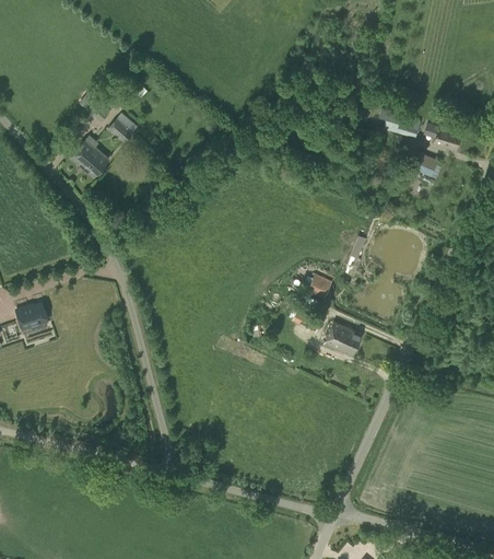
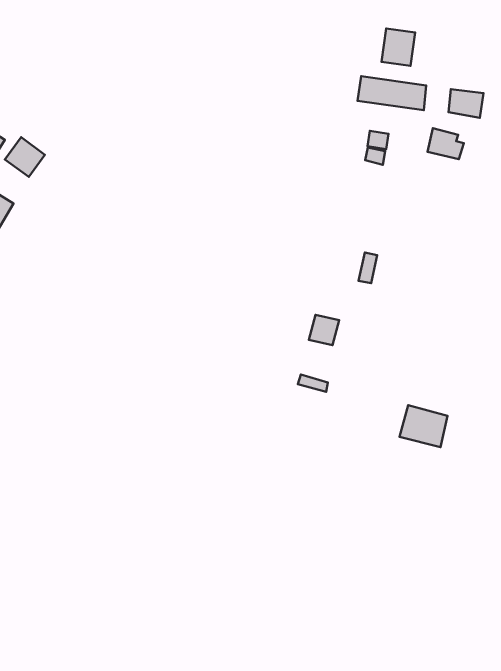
building: none -> [382,28,415,66]
building: [324,322,361,356] -> [399,405,448,447]

